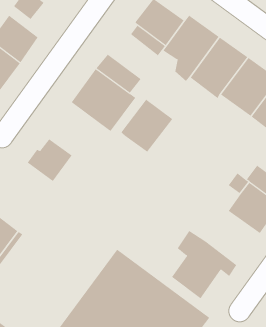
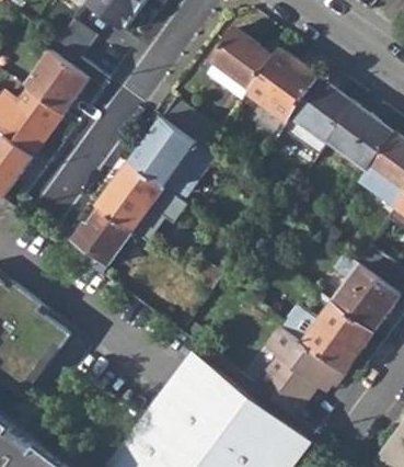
building: [120,99,173,152] -> [96,162,164,231]
building: none -> [303,303,373,373]

